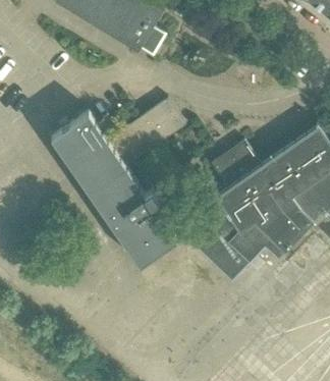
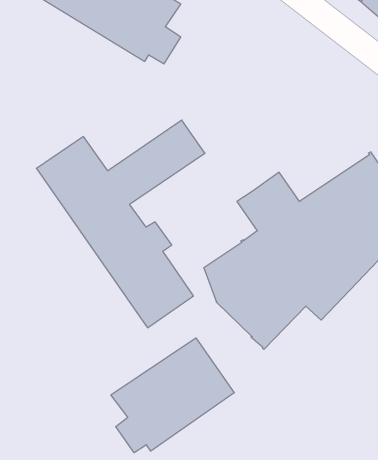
building: none -> [111,338,234,453]

